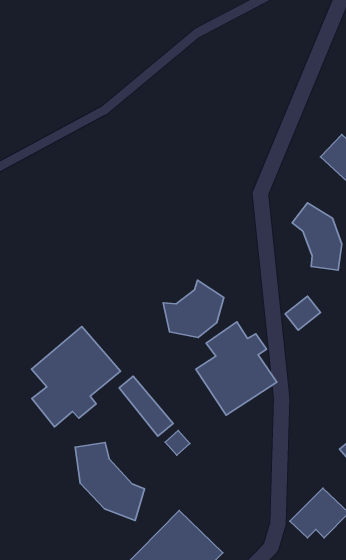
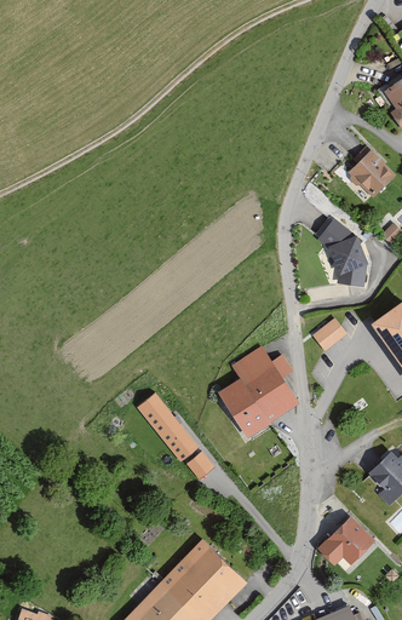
building: [163,280,224,337] -> none
building: [31,326,121,427] -> none
building: [75,442,145,520] -> none

